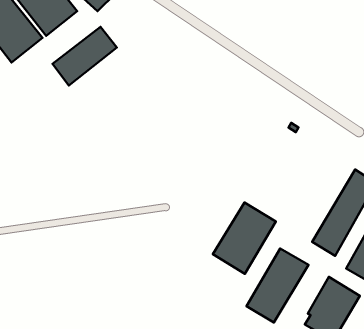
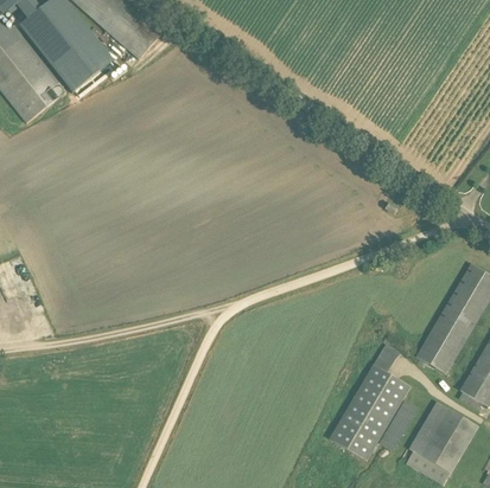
building: [52,27,117,85] -> none
building: [213,203,276,274] -> none

